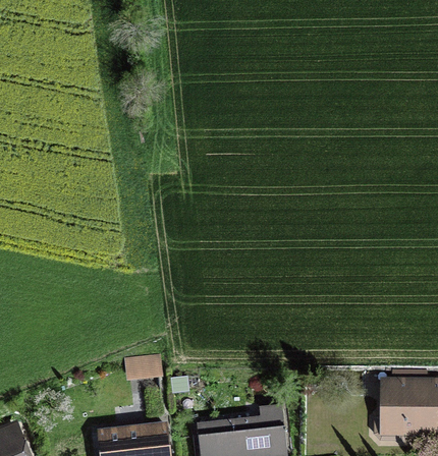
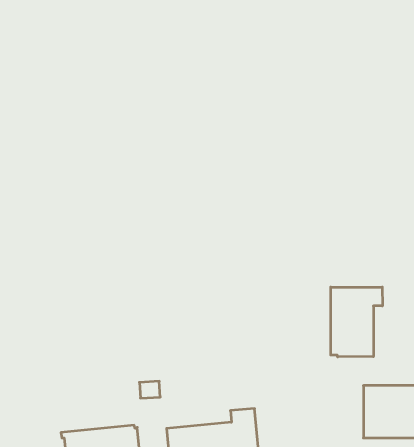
building: none -> [331,287,382,357]
building: [124,351,164,380] -> none

